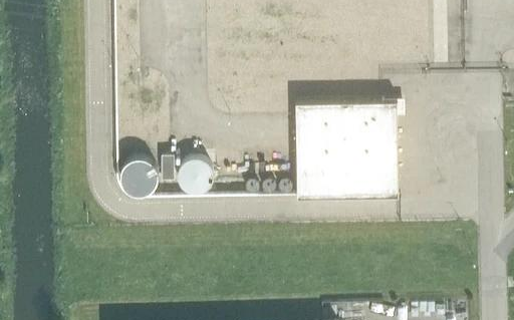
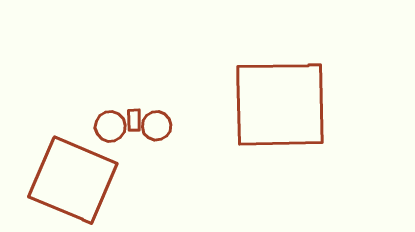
building: none -> [29,137,117,223]

